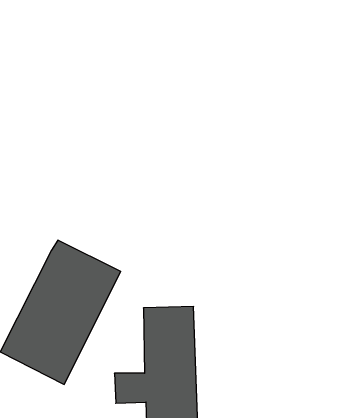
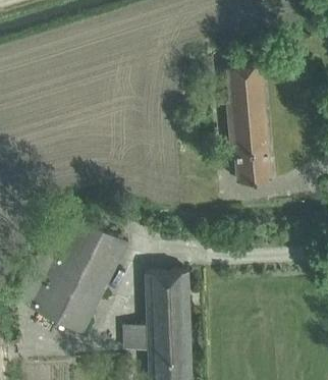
building: none -> [227,65,271,182]

